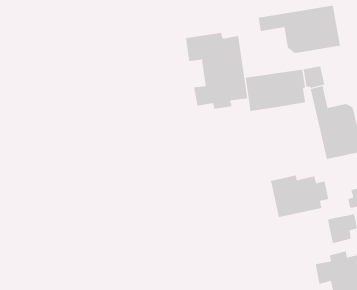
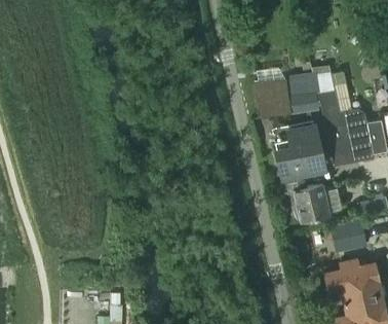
building: [258,5,340,54] -> none
building: [185,32,248,110] -> none
building: none -> [277,121,326,179]

